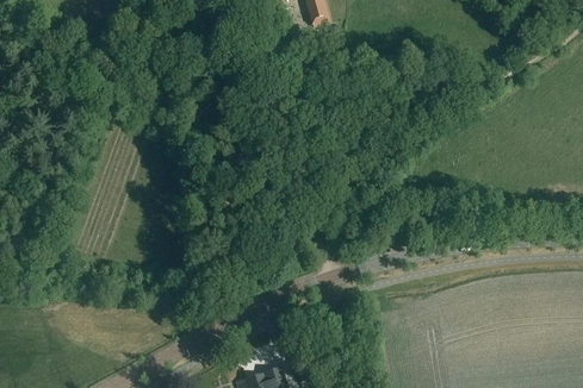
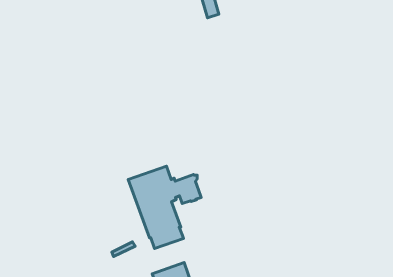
building: none -> [128,166,201,248]

